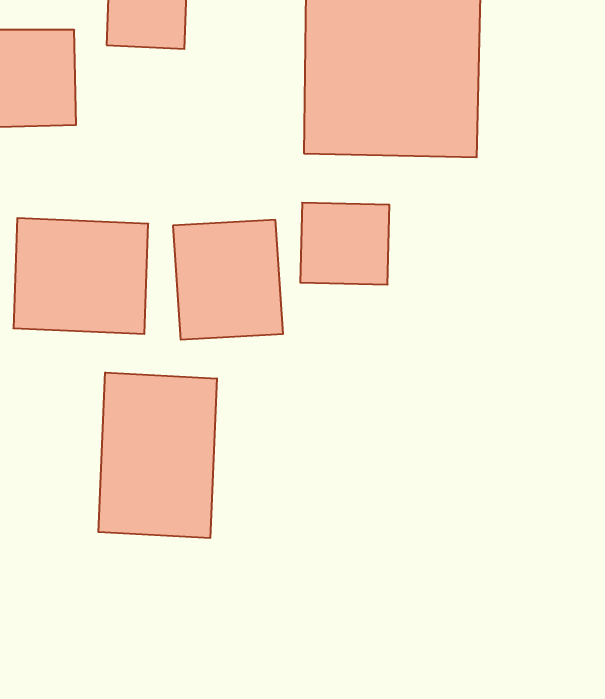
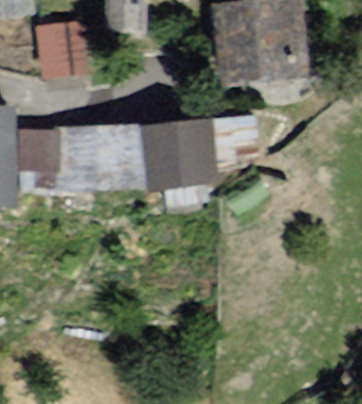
building: [98,372,217,538] -> none

